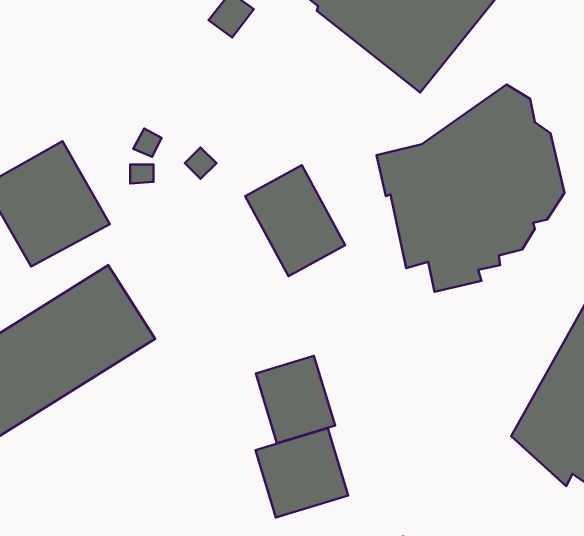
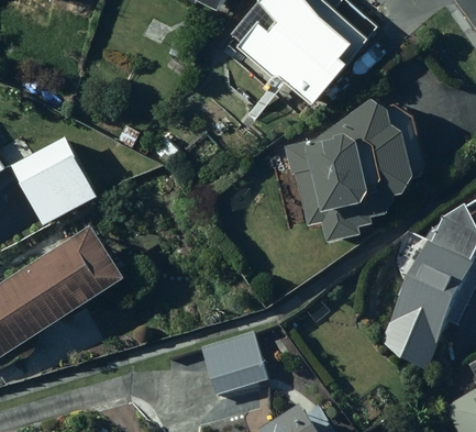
building: [245,165,345,276] -> none
building: [256,356,335,443] -> none

